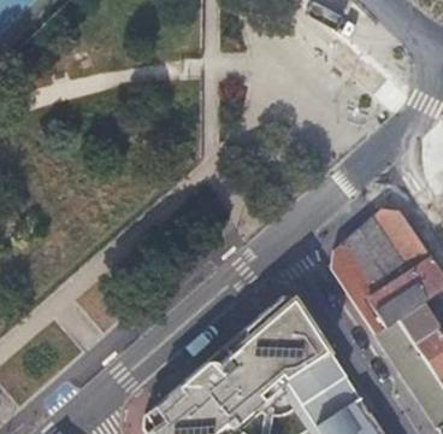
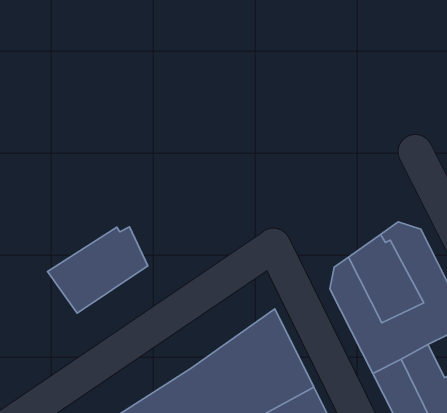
building: none -> [47,227,148,313]

